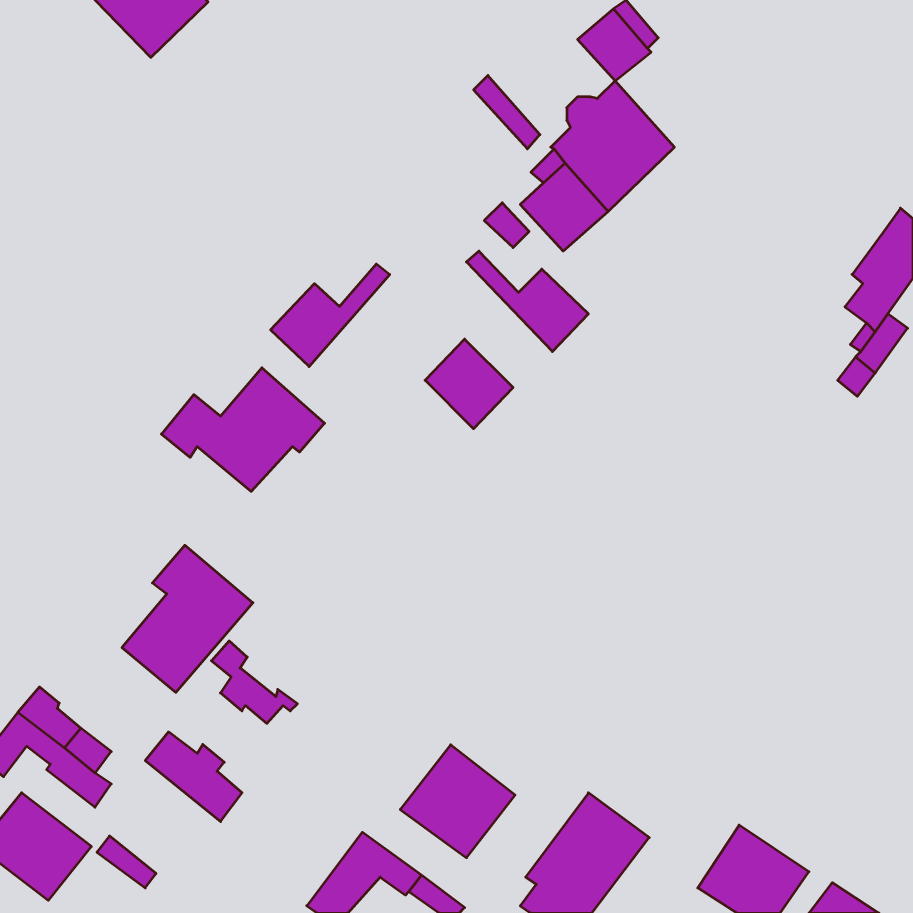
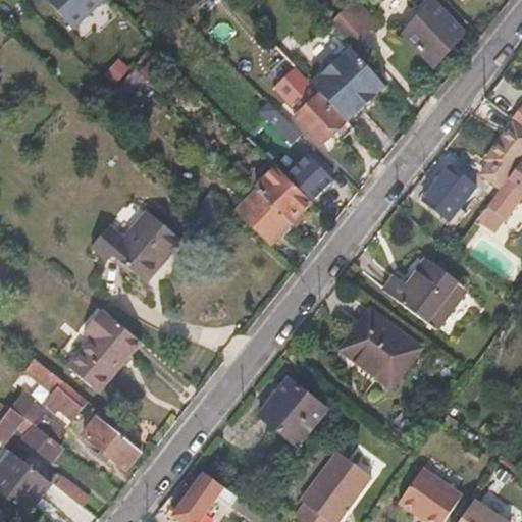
building: none -> [399,5,460,66]
building: [271,264,390,367] -> none
building: none -> [422,163,474,219]
building: none -> [262,169,313,220]
building: none -> [382,257,465,327]
building: none -> [346,311,418,386]
building: [211,641,297,723] -> [41,369,90,416]
building: [400,745,515,858] -> [258,379,323,443]

